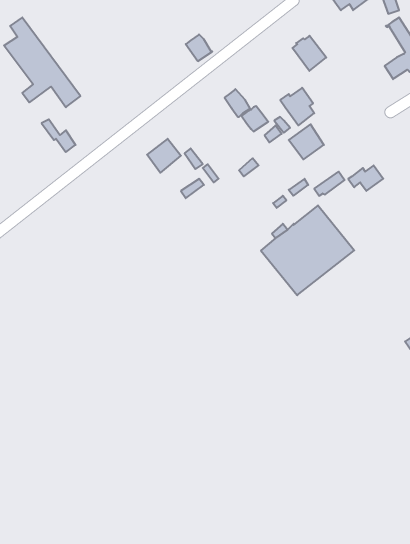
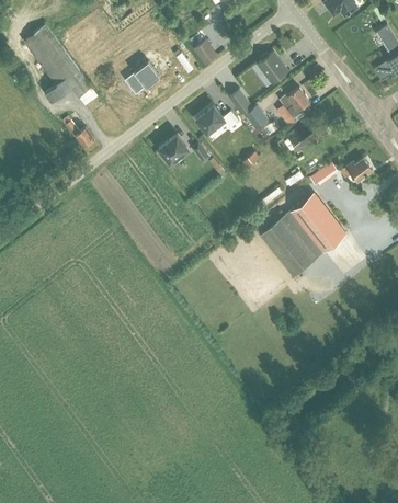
building: [292,36,326,71] -> [257,52,287,83]
building: none -> [124,60,160,94]
building: none -> [195,105,238,134]

